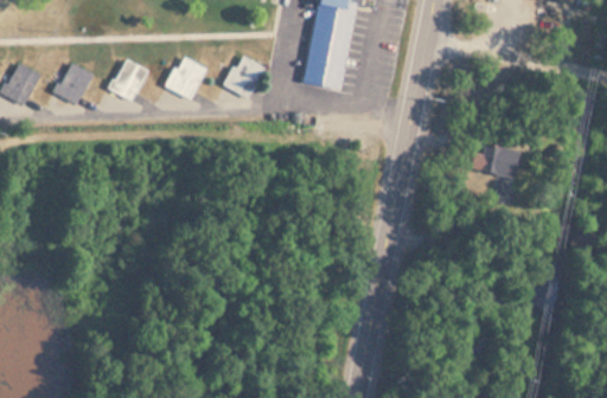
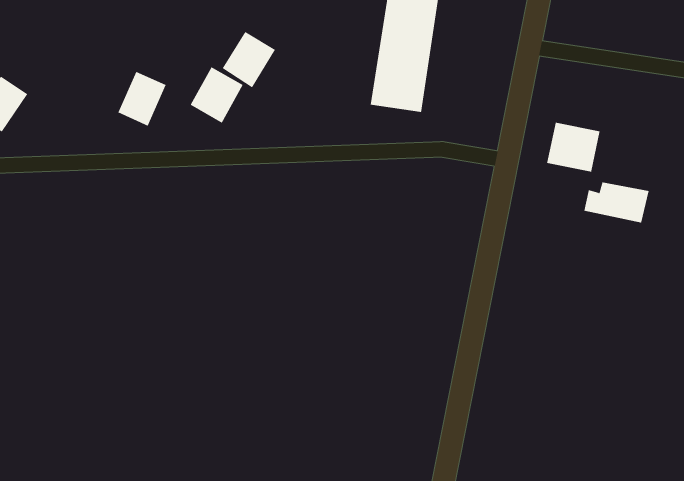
building: [223,54,264,98] -> [222,31,276,88]
building: [55,62,94,104] -> none
building: none -> [547,122,600,173]

